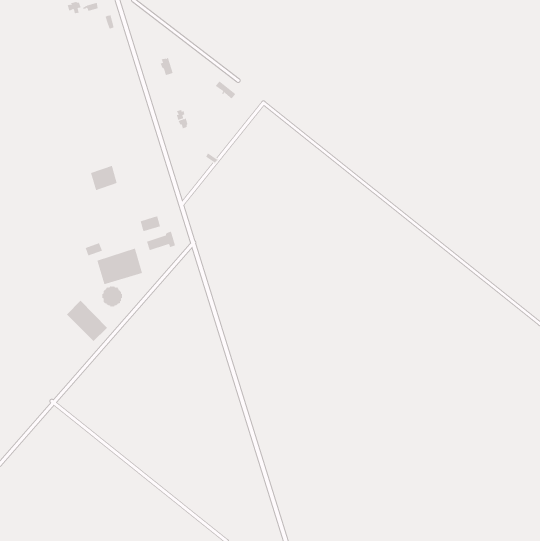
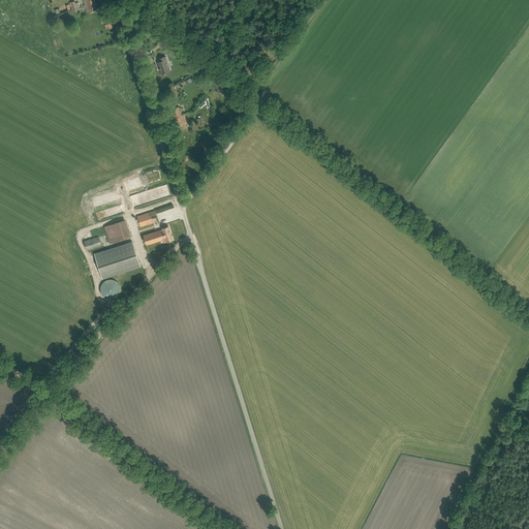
building: [90,165,118,191] -> [103,219,130,244]
building: [66,300,108,342] -> none

